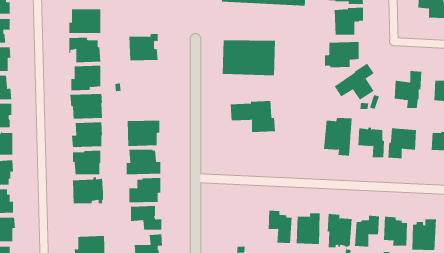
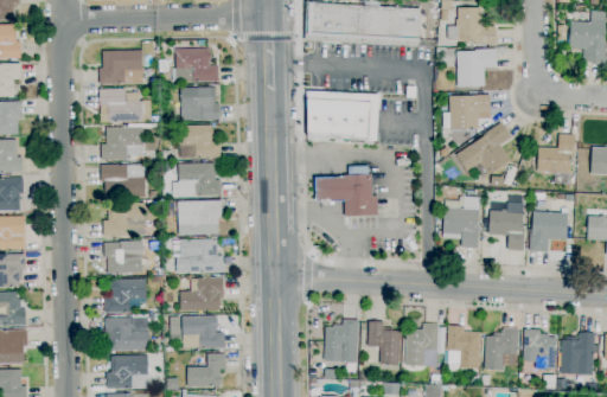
building: none -> [173,47,219,82]
building: none -> [178,124,221,158]
building: none -> [179,162,222,196]
building: none -> [106,316,151,350]
building: none -> [324,319,359,361]

